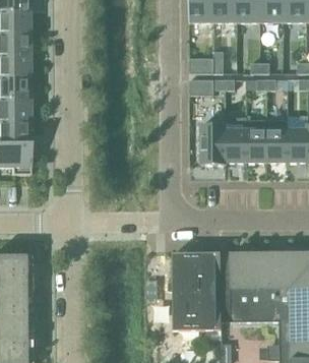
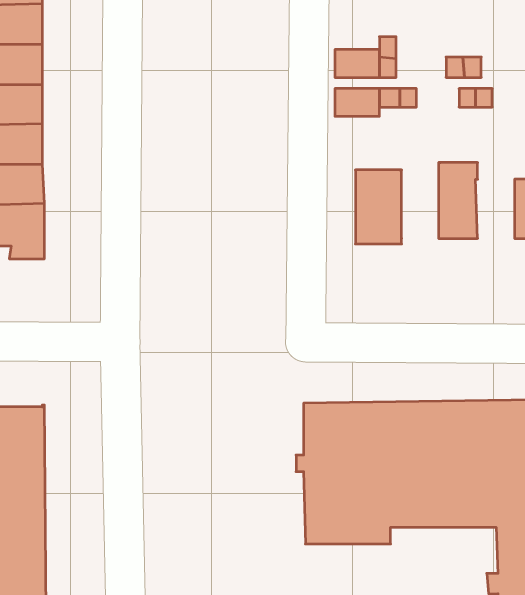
building: [226,117,248,162] -> none
building: [267,129,289,162] -> none

